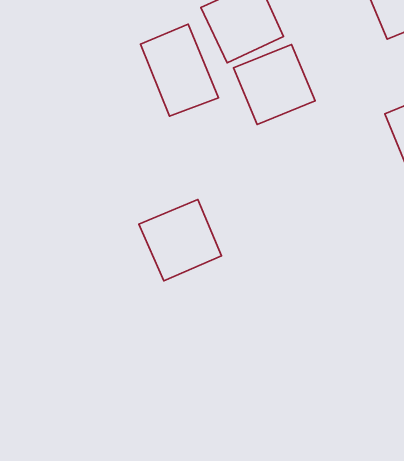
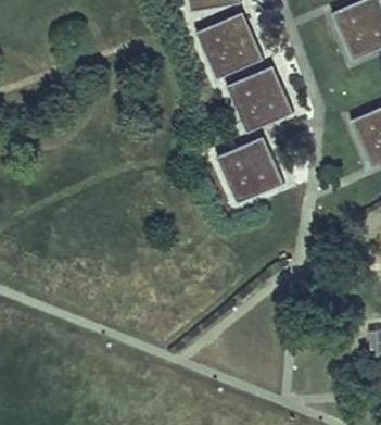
building: [140,24,218,116] -> none
building: [139,199,222,281] -> [216,137,284,204]

